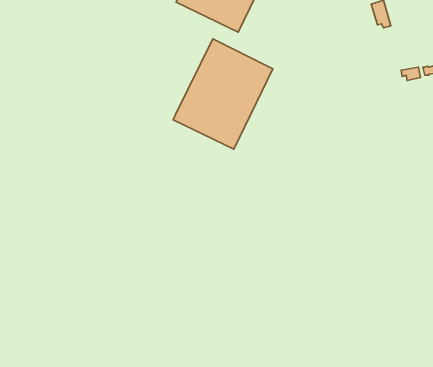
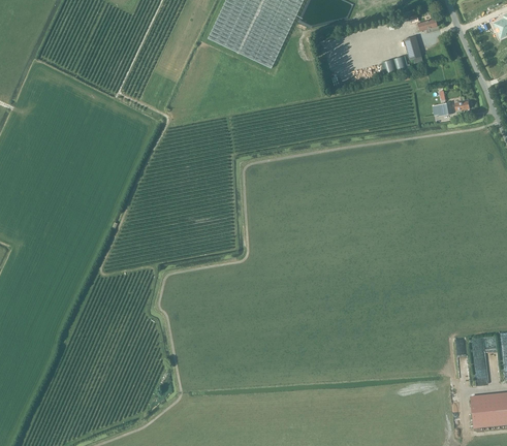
building: [173,39,273,149] -> none

